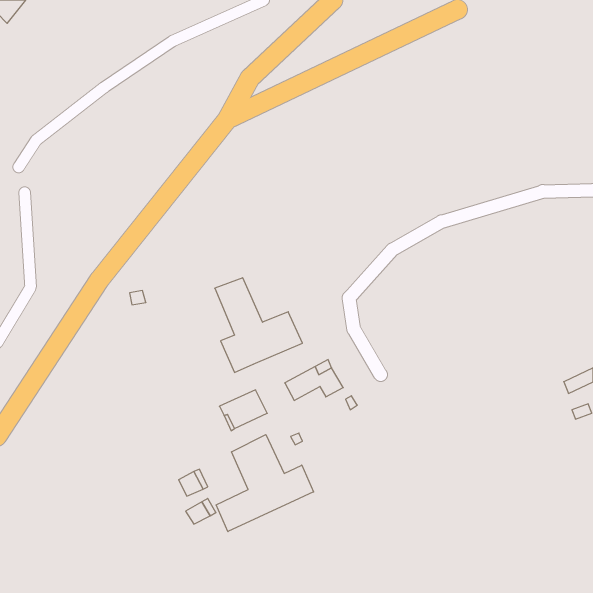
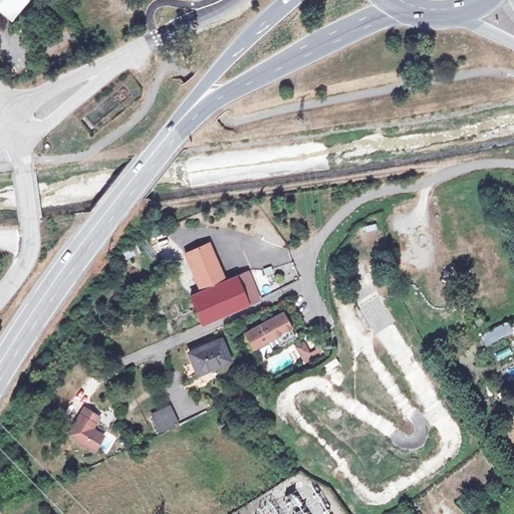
building: [216,435,314,532] -> none
building: none -> [70,416,106,457]

